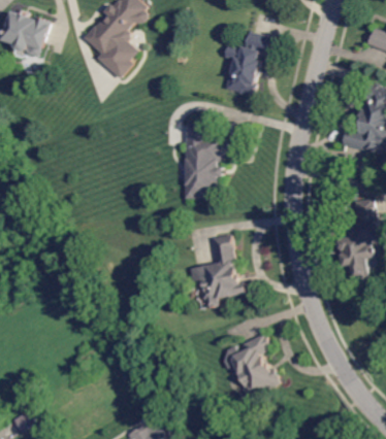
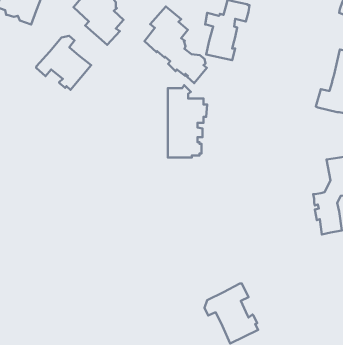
building: none -> [144,6,207,83]
building: none -> [36,36,91,90]
building: [189,235,246,308] -> none

